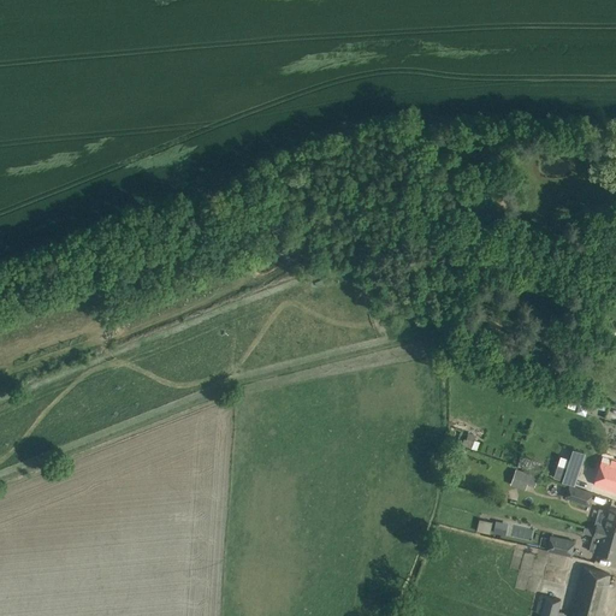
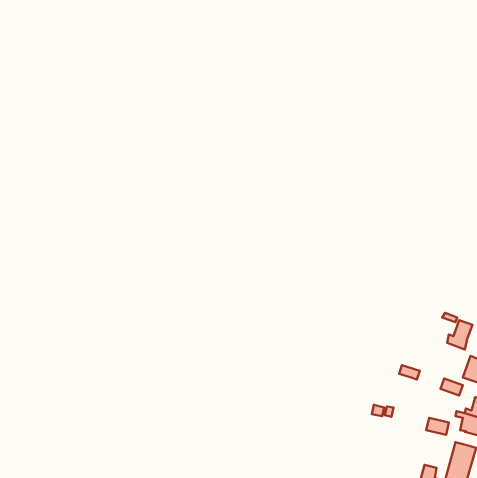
building: [555,449,587,486] -> [447,320,472,349]

